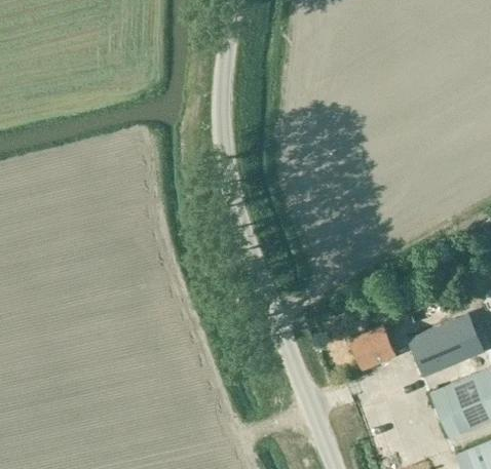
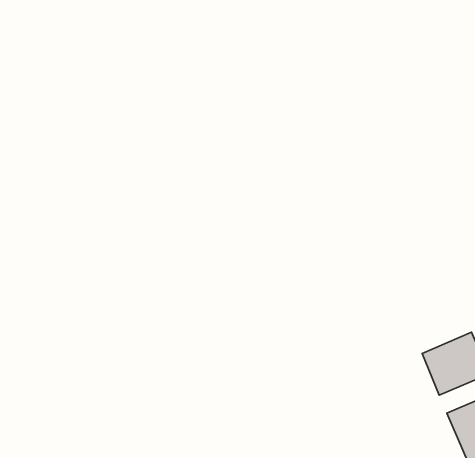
building: [352,328,394,367] -> none

